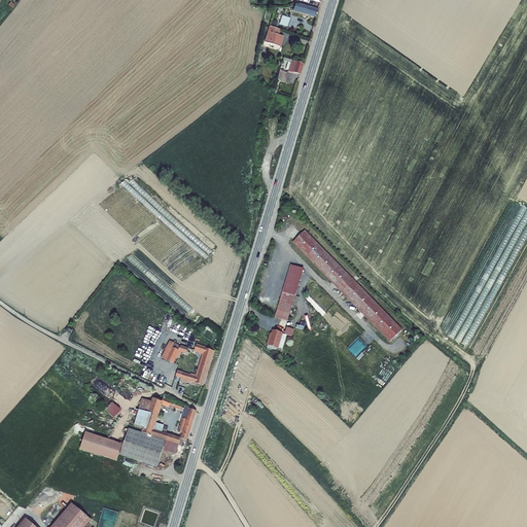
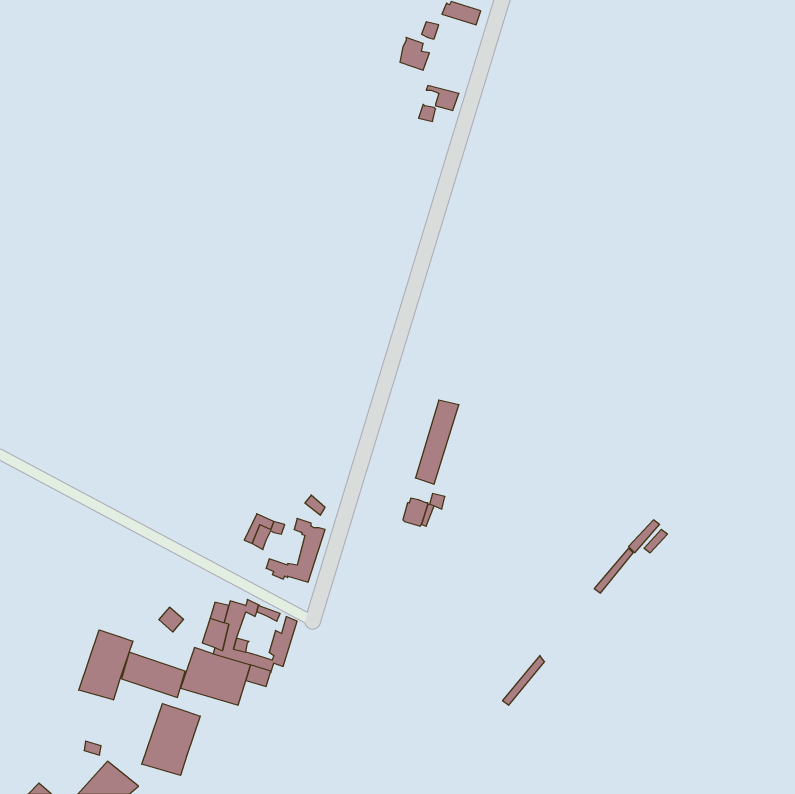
building: [292,230,402,342] -> none
building: none -> [79,630,133,700]
building: none -> [142,704,200,775]

